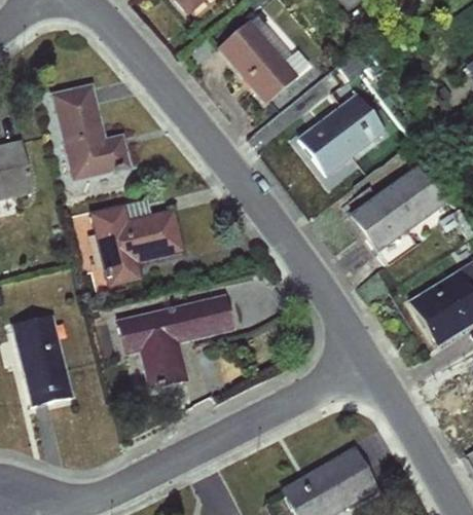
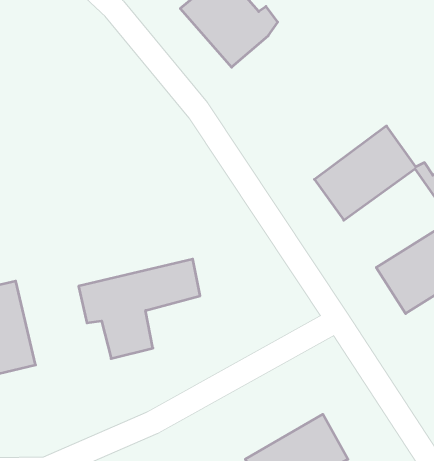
building: [48,82,133,184] -> none
building: [296,90,387,177] -> none
building: [88,200,185,295] -> none

